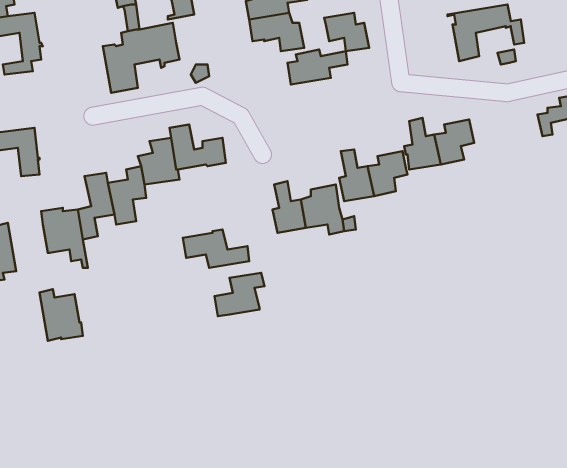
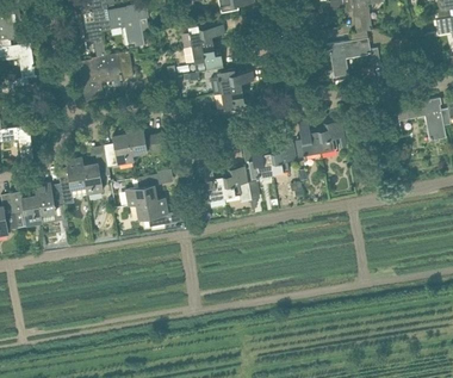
building: [324,13,369,51] -> [221,89,253,117]
building: [215,273,265,316] -> [125,174,161,205]
building: [39,289,83,341] -> [11,191,42,228]

